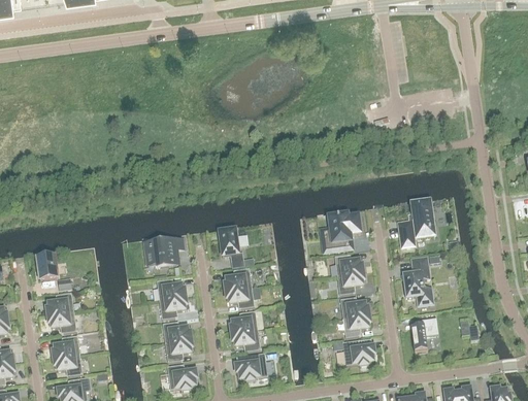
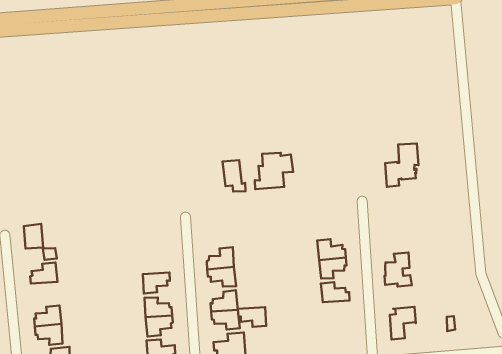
building: [398,199,432,244] -> [385,143,419,187]
building: [322,211,360,249] -> [255,153,293,189]
building: [218,227,242,259] -> [223,160,246,192]
building: [145,234,183,264] -> none
building: [156,276,186,297] -> none
building: [46,309,75,330] -> none
building: [342,312,370,335] -> none
building: none -> [238,307,266,327]
building: [341,338,374,363] -> none

